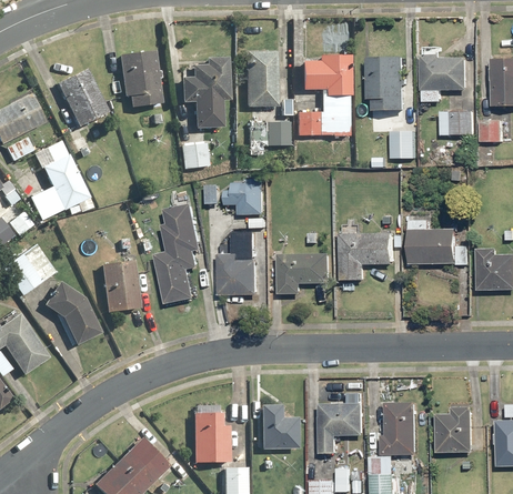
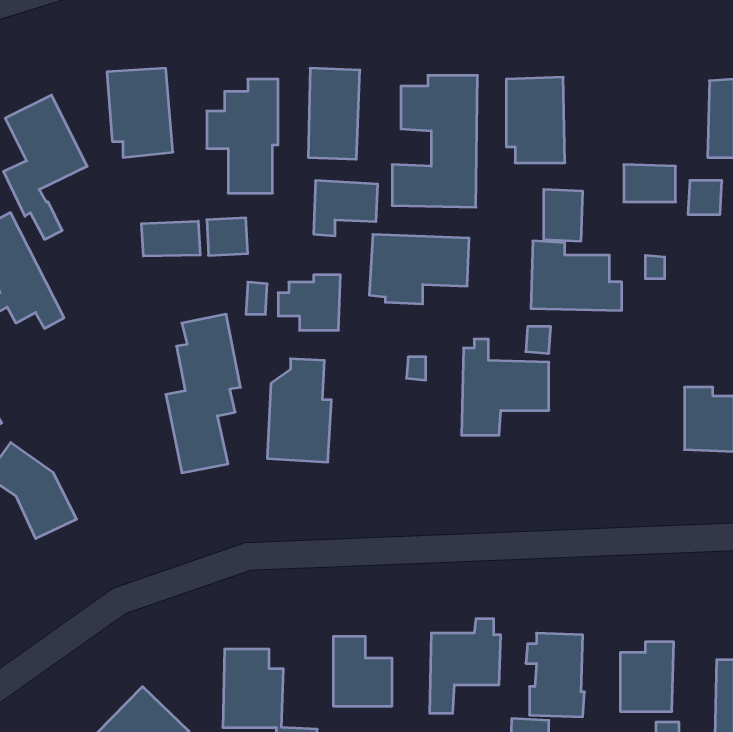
building: [421,54,469,102] -> none
building: none -> [141,221,200,256]
building: [409,221,465,264] -> [531,241,622,310]
building: [269,252,331,295] -> [369,234,469,304]
building: [100,261,138,312] -> none

